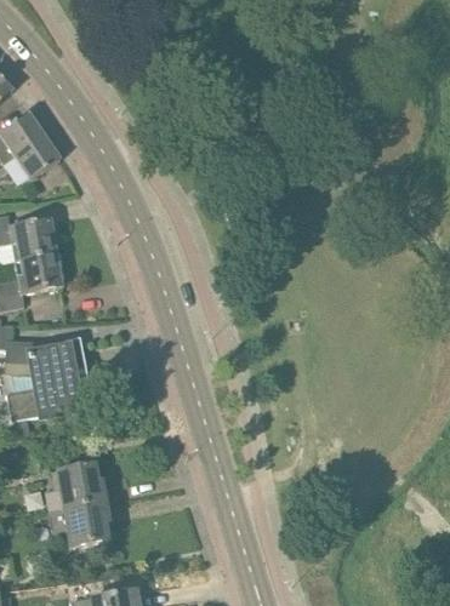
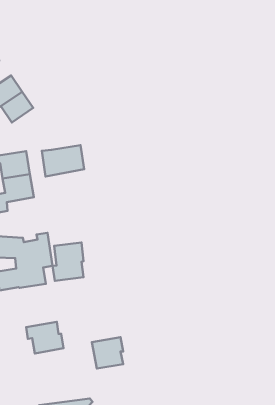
building: none -> [42,145,84,176]
building: none -> [53,243,84,281]
building: [63,502,108,547] -> [92,337,123,369]

